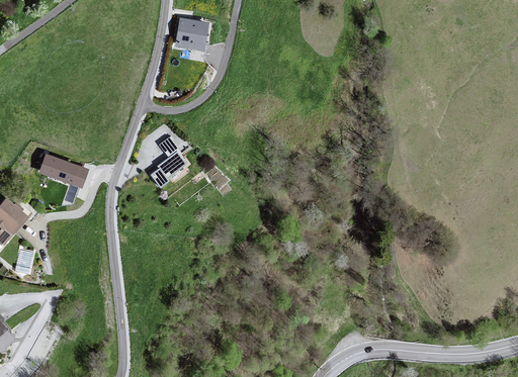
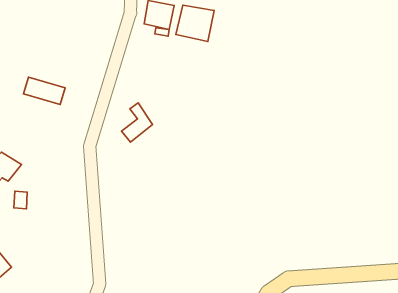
building: none -> [176,5,214,41]
building: [38,153,89,186] -> [23,77,65,105]

